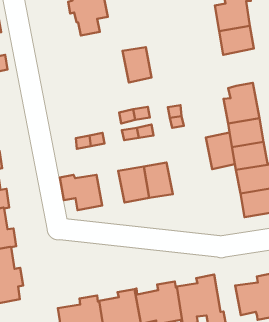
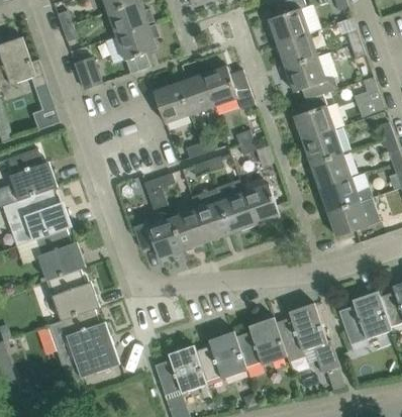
building: none -> [76,60,103,90]
building: none -> [203,65,238,105]
building: none -> [286,57,329,99]
building: none -> [154,82,191,123]
building: [206,133,235,169] -> [244,183,280,224]
building: none -> [173,209,207,248]

